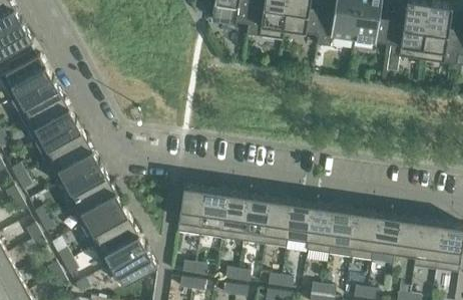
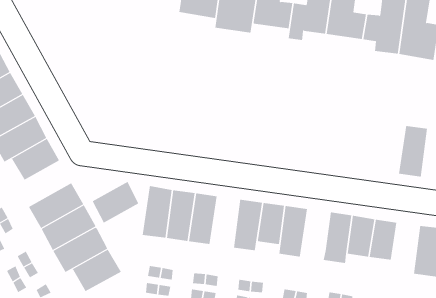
building: [64,162,109,206] -> [92,181,139,228]
building: [242,196,270,245] -> none
building: [328,208,356,255] -> none
building: [413,221,441,270] -> [398,125,428,177]

